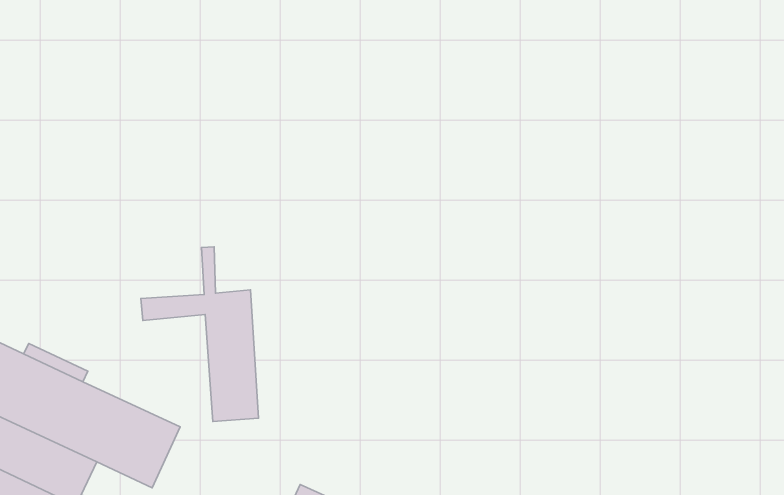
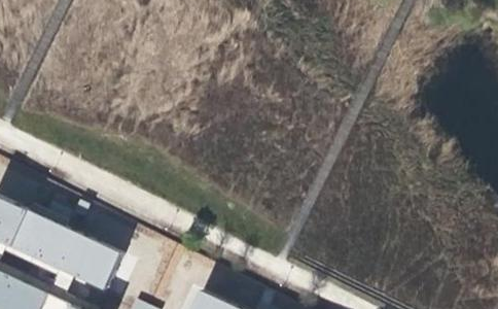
building: [141,247,258,422] -> none

